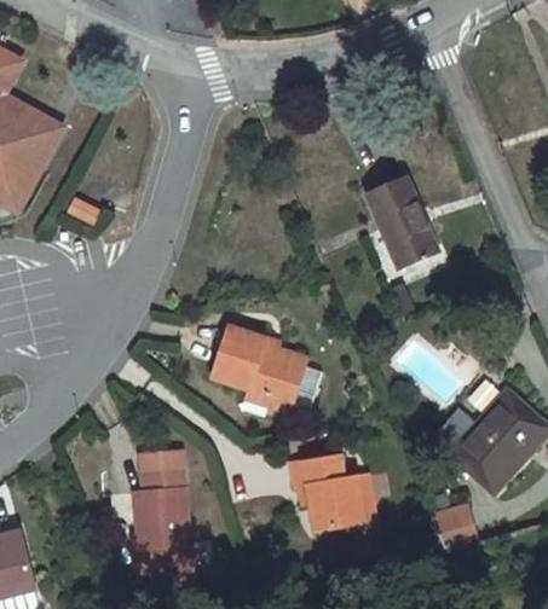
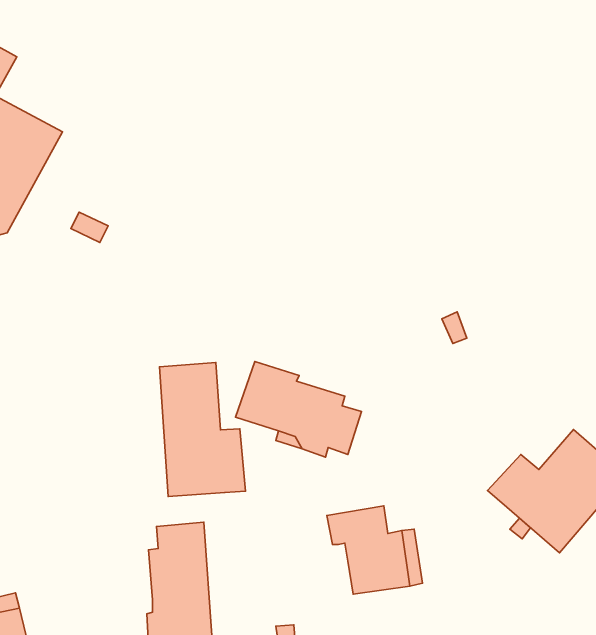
building: [368,176,437,265] -> none
building: none -> [159,363,245,497]
building: [432,504,475,547] -> none

